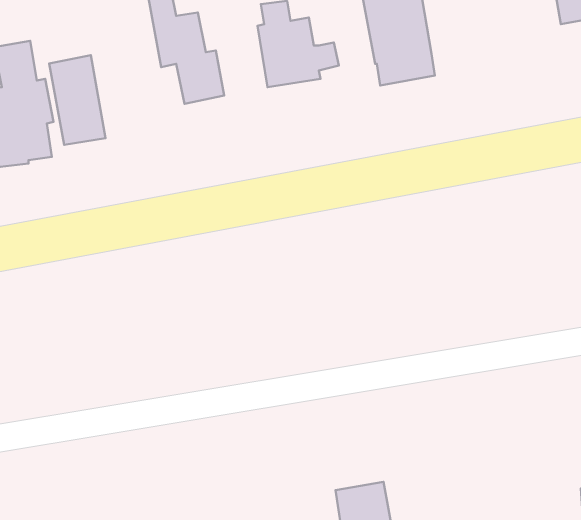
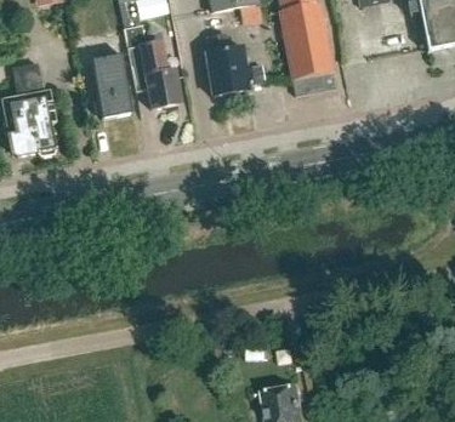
building: [49,55,106,145] -> [91,53,132,119]

